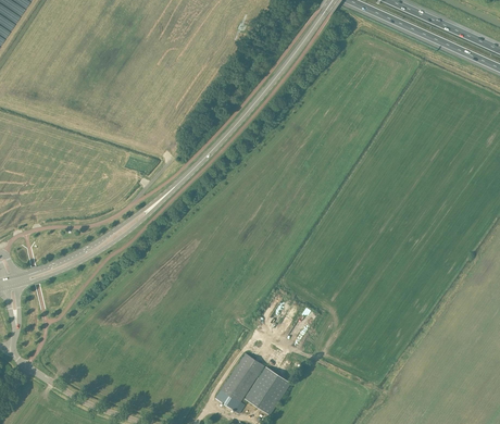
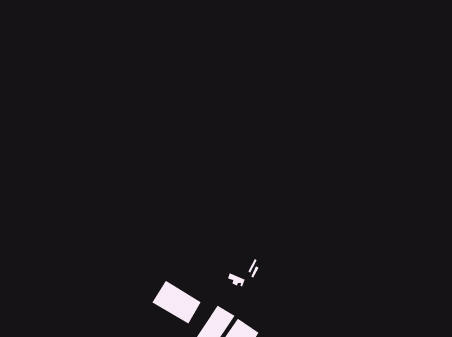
building: none -> [152,280,202,324]

